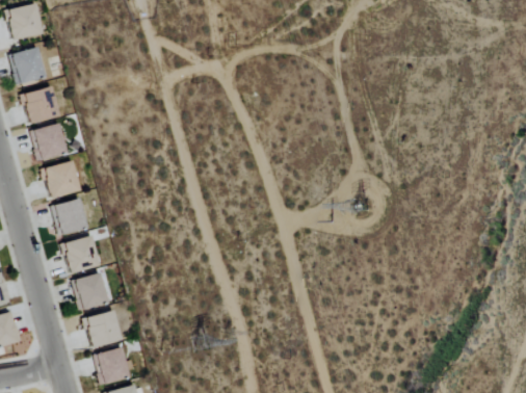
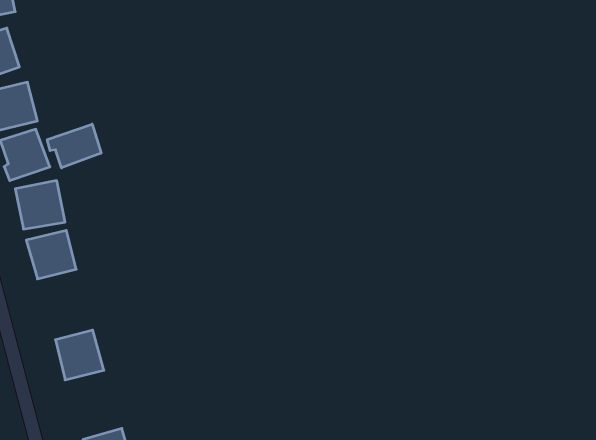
building: none -> [47,124,101,168]
building: [61,235,101,274] -> none
building: [84,311,123,348] -> none

